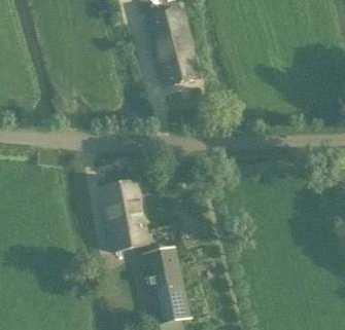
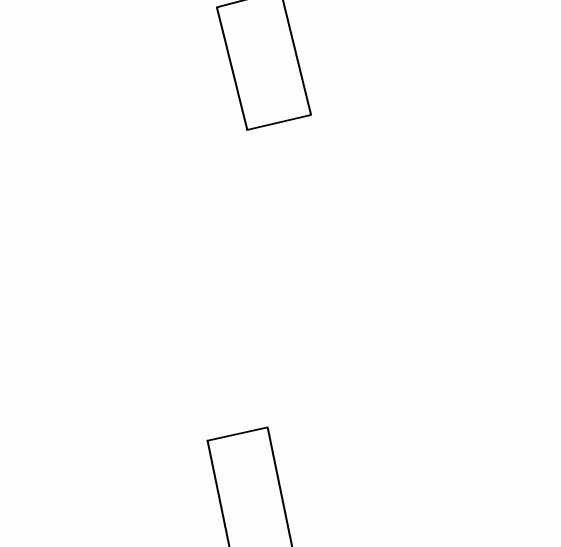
building: [99,179,148,249] -> none

